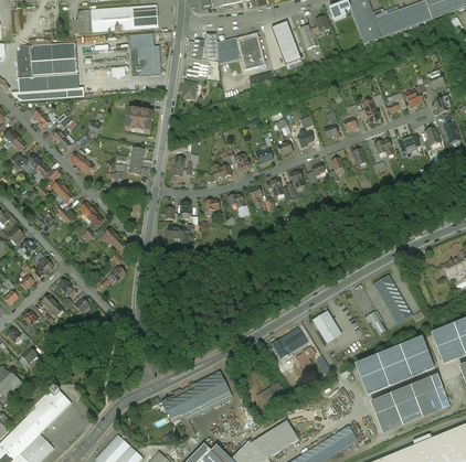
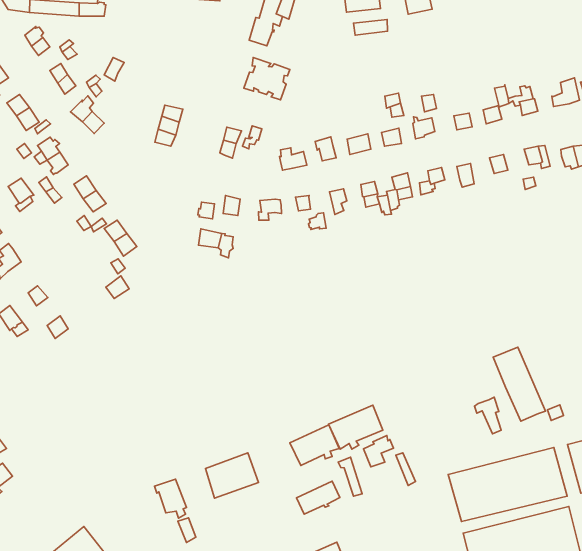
building: [125,108,153,133] -> [244,58,290,100]
building: [313,311,341,343] -> none
building: none -> [290,425,339,465]
building: [173,384,202,411] -> none

